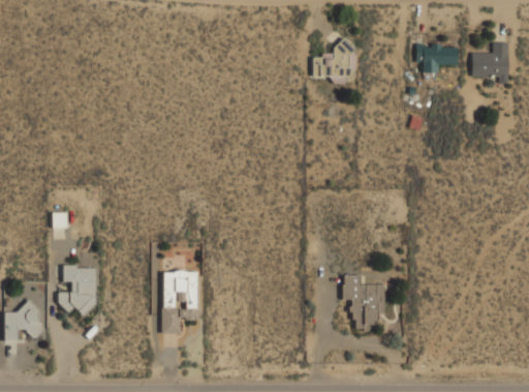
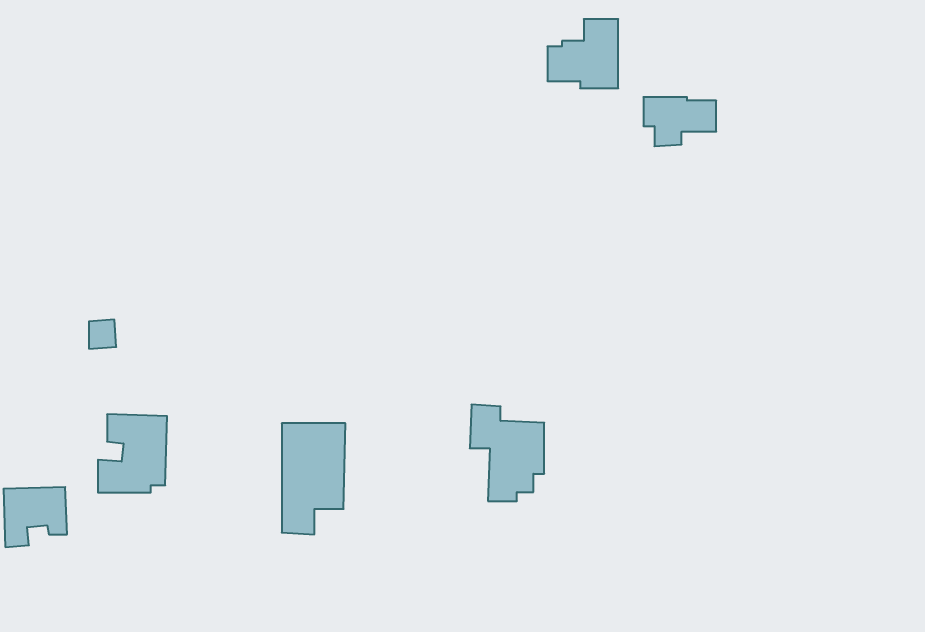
building: [471,42,508,84] -> none
building: [416,46,458,73] -> [643,97,716,146]
building: [342,275,384,330] -> [470,405,544,501]

